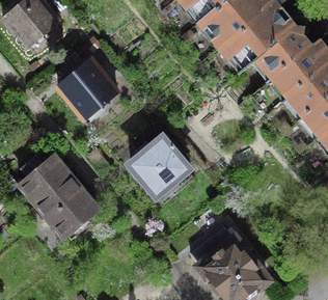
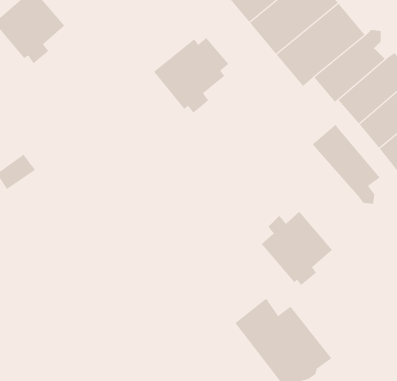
building: [60,60,119,119] -> [153,37,229,113]
building: none -> [312,124,381,205]
building: [132,138,188,196] -> [261,211,333,286]
building: [21,156,98,236] -> none

